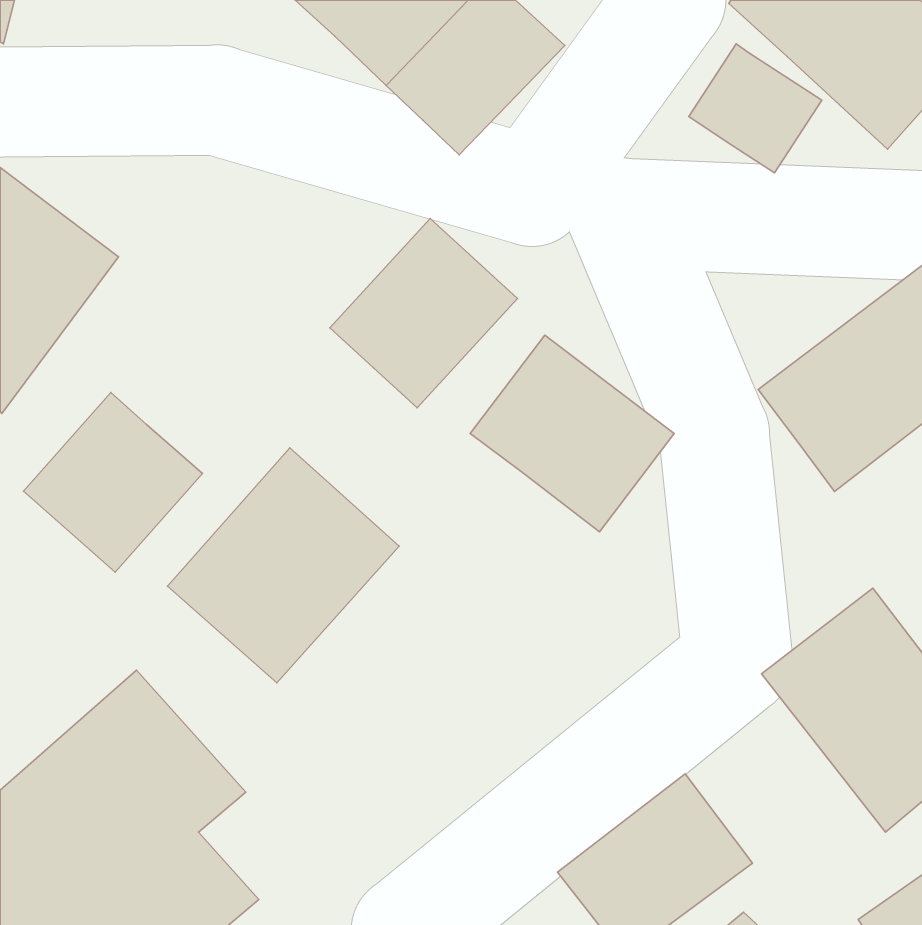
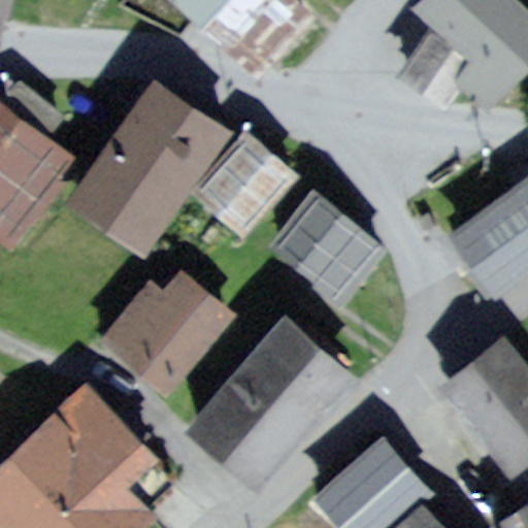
building: none -> [64,81,225,260]
building: [23,393,202,572] -> none
building: none -> [192,319,355,486]

